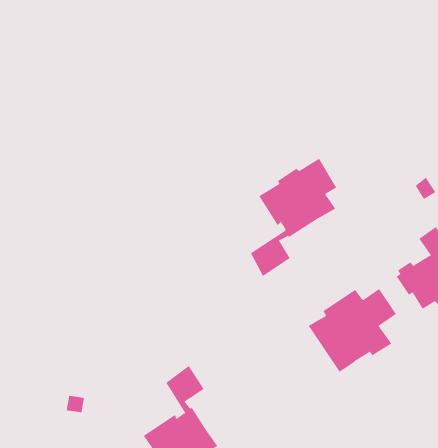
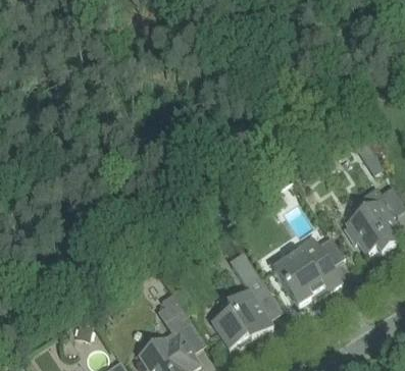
building: [250,158,337,277] -> none
building: none -> [211,250,273,347]

